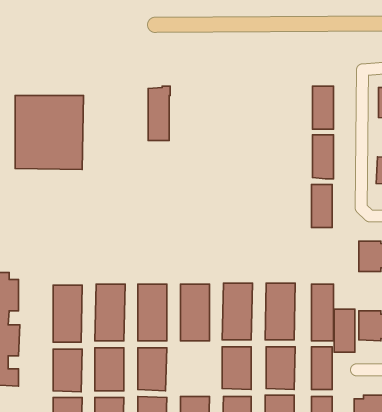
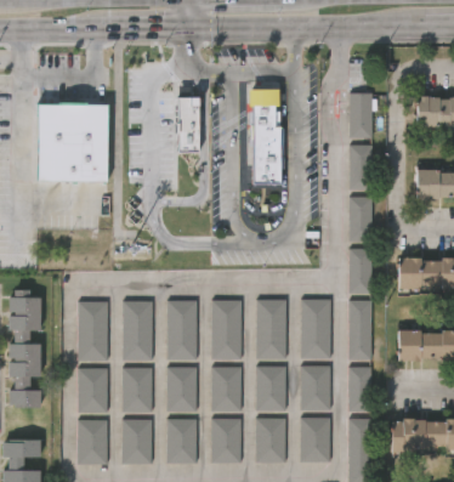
building: none -> [249,87,278,183]
building: [334,309,355,352] -> [350,249,371,294]
building: none -> [211,367,242,412]

